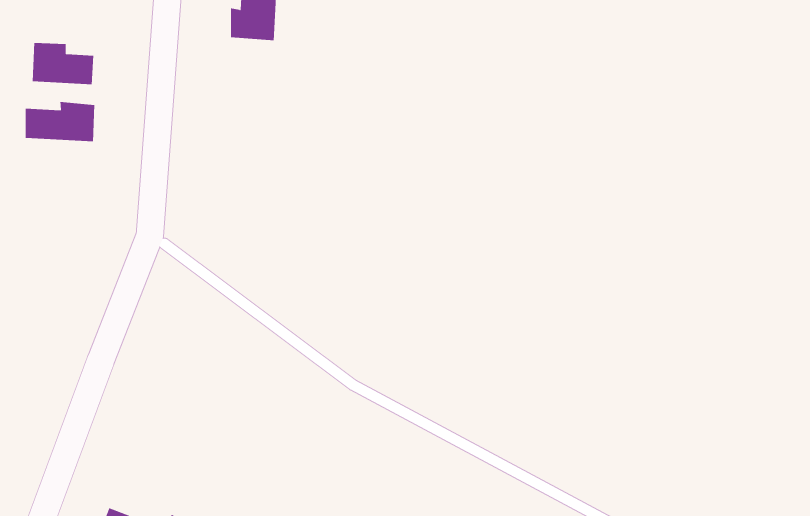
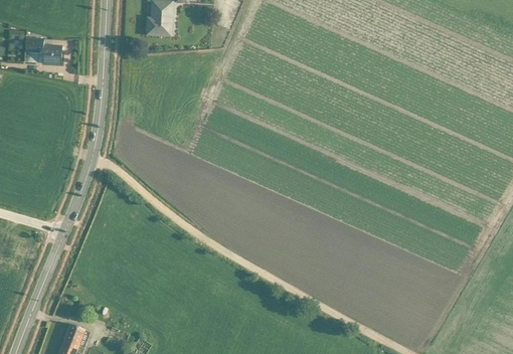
building: [25,101,95,142] -> none

